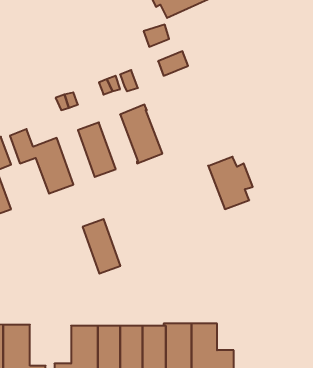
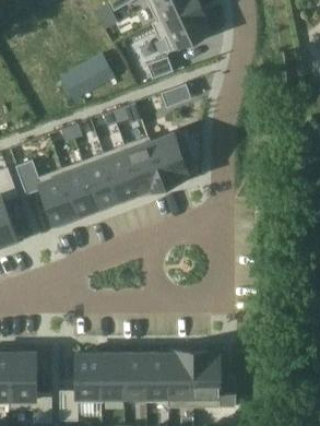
building: none -> [60,54,116,100]
building: none -> [103,145,141,199]
building: [208,157,253,209] -> [149,132,192,184]
building: [83,219,120,274] -> [61,161,98,214]

